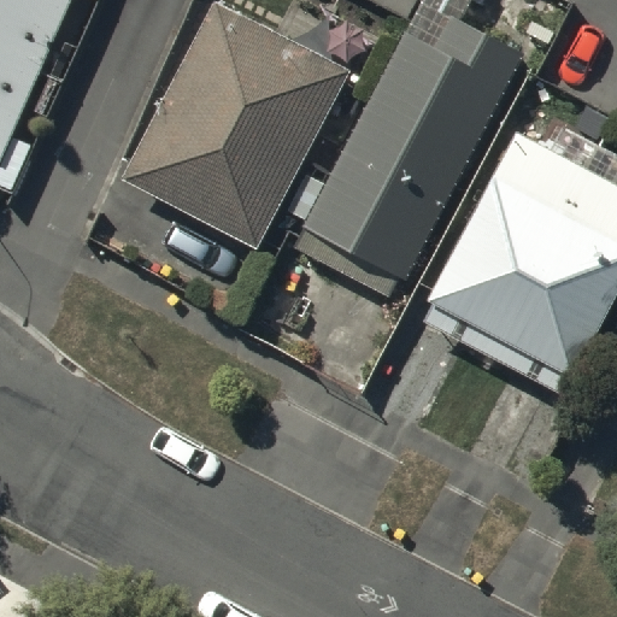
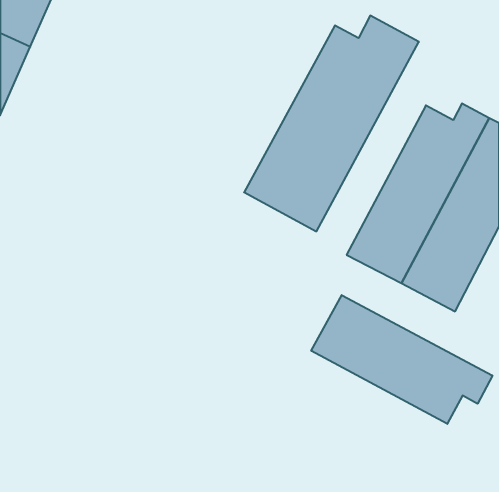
building: [135,6,347,237] -> none
building: none -> [311,295,492,424]

